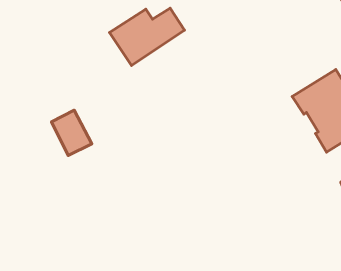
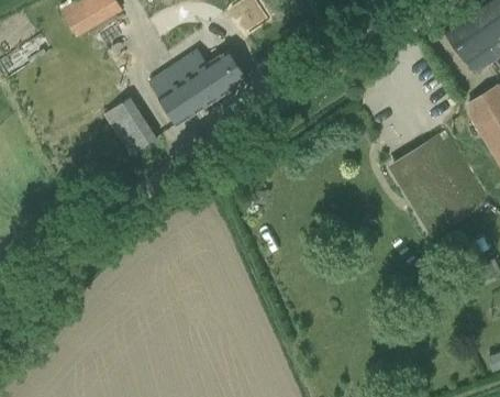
building: [51,110,92,156] -> [103,96,156,155]

